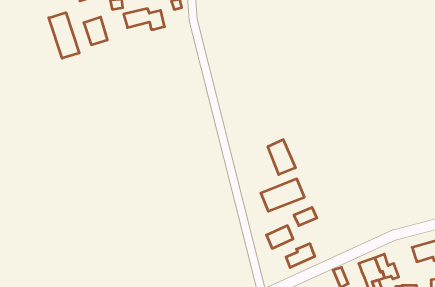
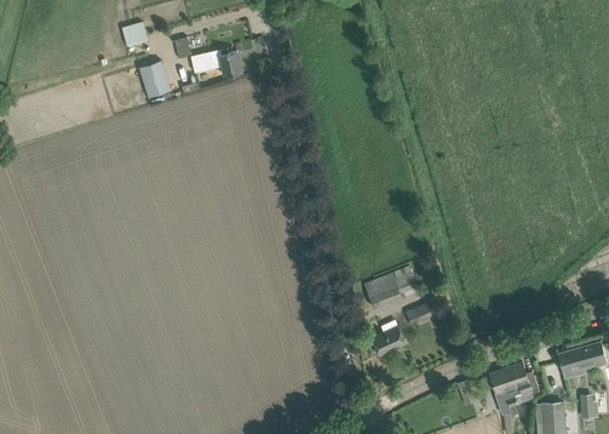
building: [49,13,79,58] -> none
building: [268,140,295,175] -> none
building: [286,244,315,268] -> none

